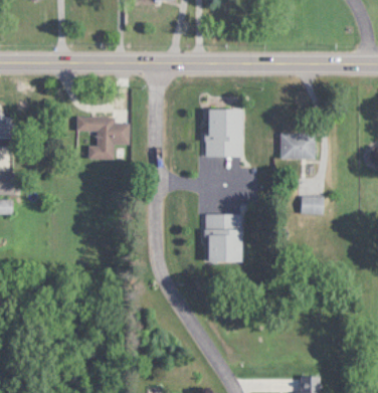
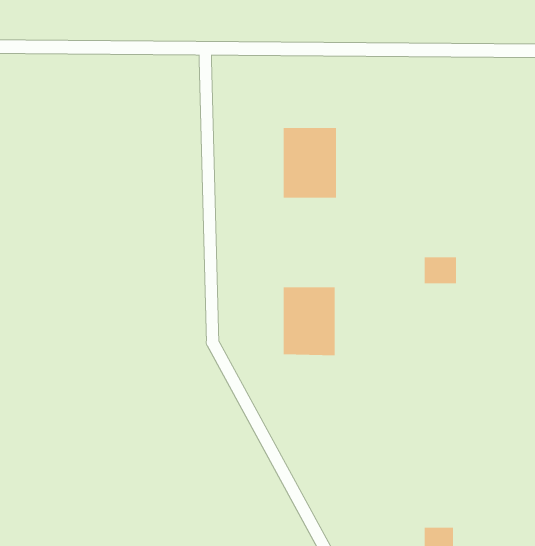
building: [76,116,129,160] -> none
building: [280,134,315,159] -> none

